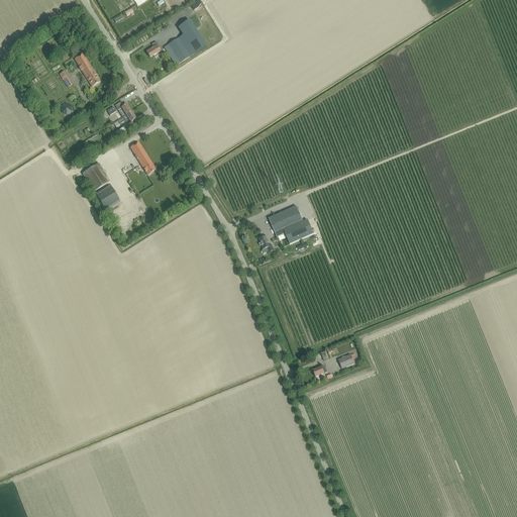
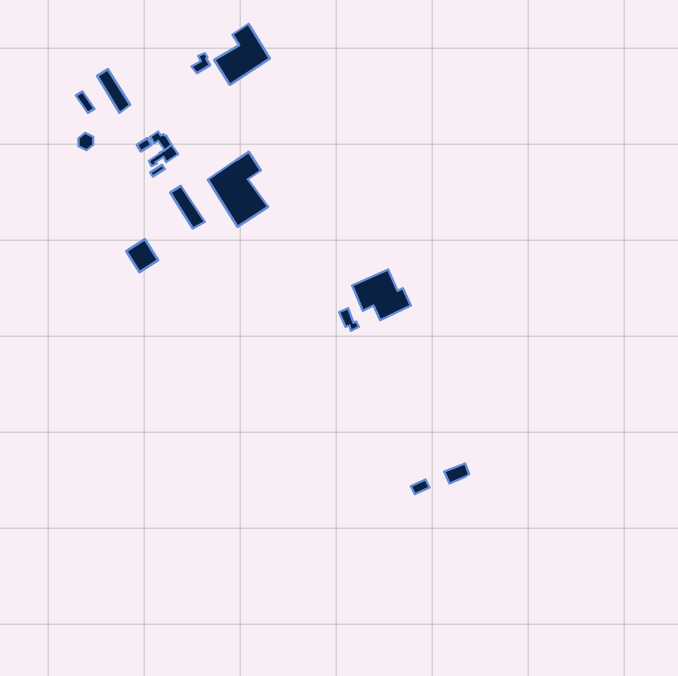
building: none -> [208,152,268,227]
building: [81,162,109,191] -> none

